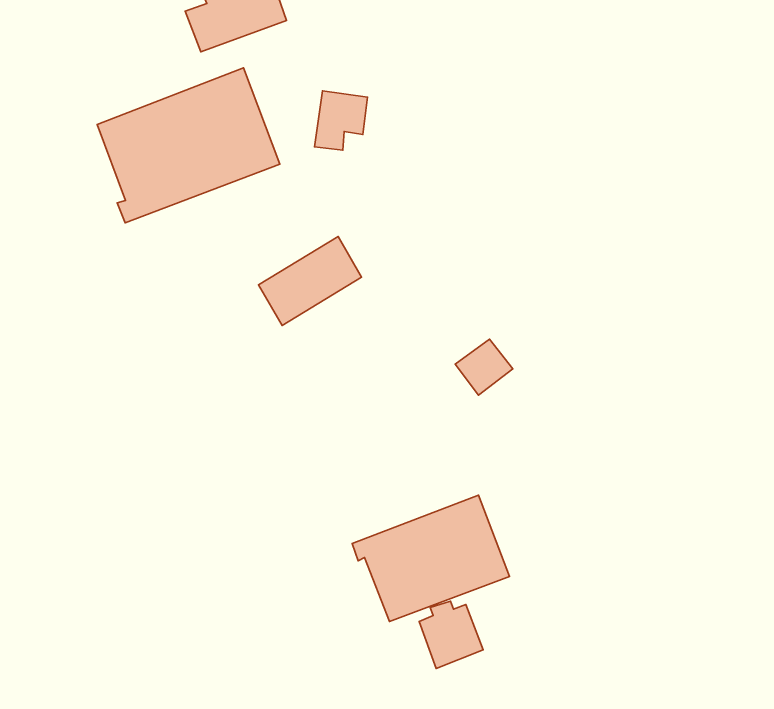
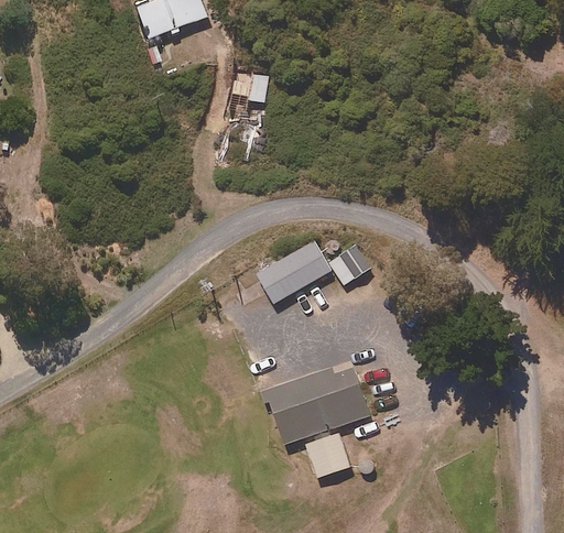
building: [97,68,280,223] -> none
building: [259,236,362,325] -> [258,240,330,303]

